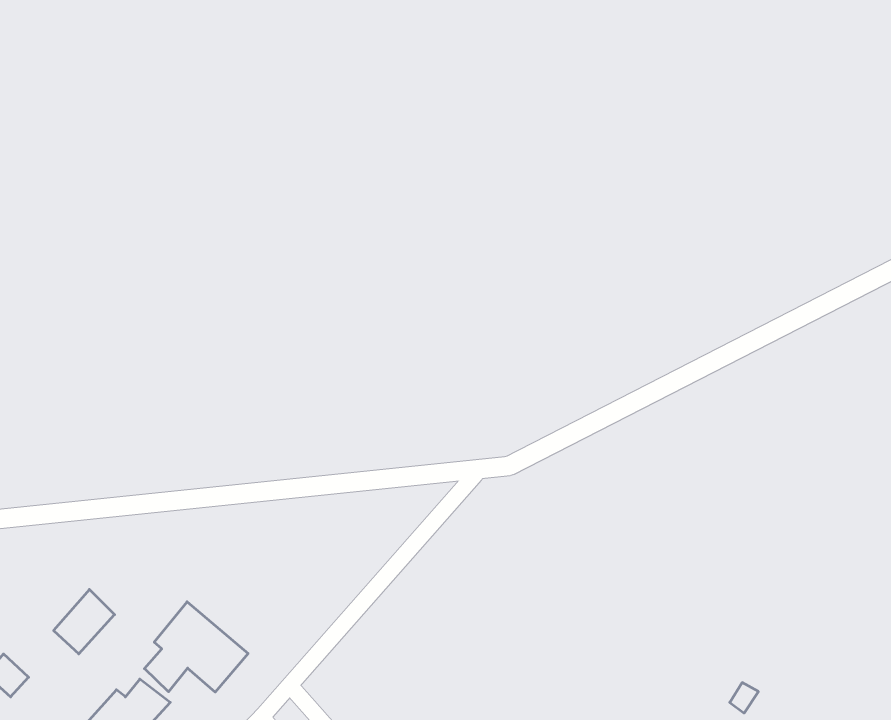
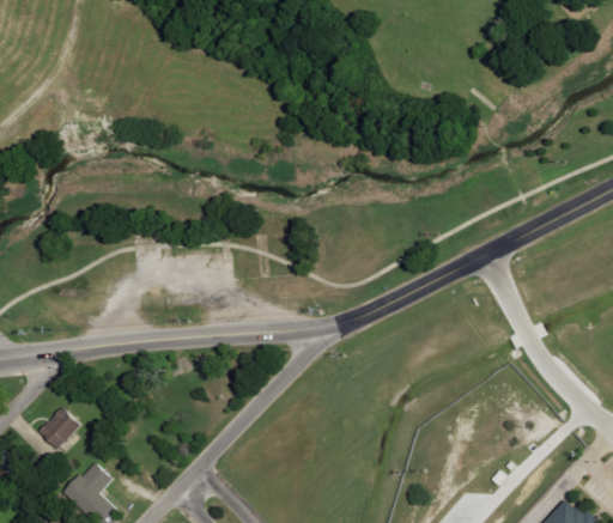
building: [144,602,248,692] -> none

